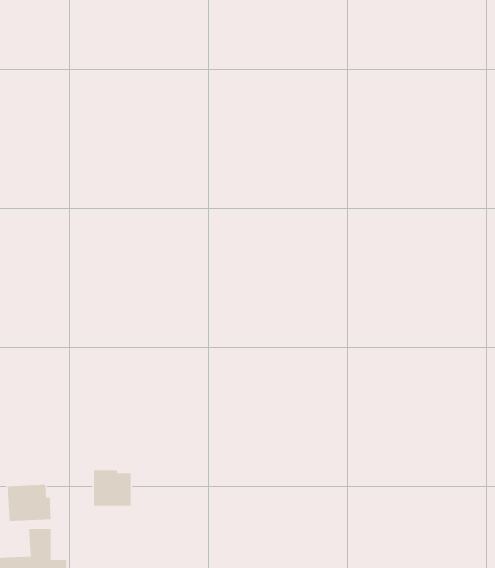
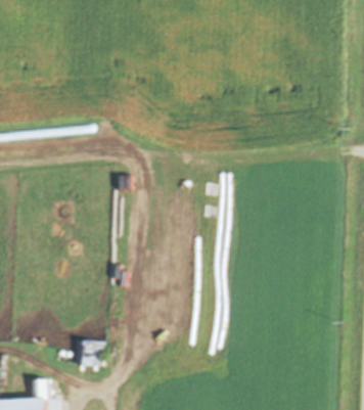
building: [7,484,52,522] -> none

